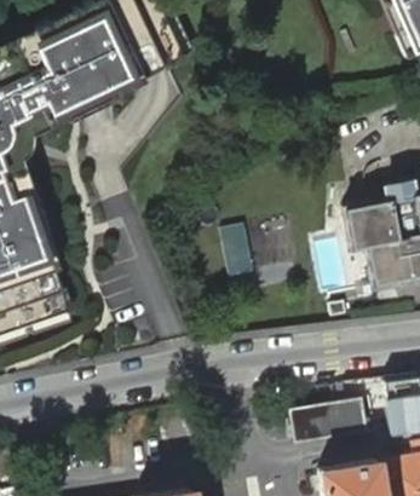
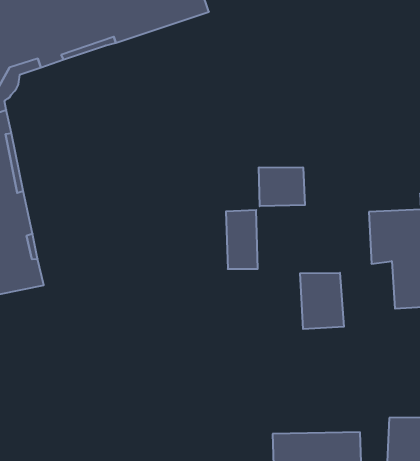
building: none -> [259,167,305,206]
building: none -> [300,273,344,329]

